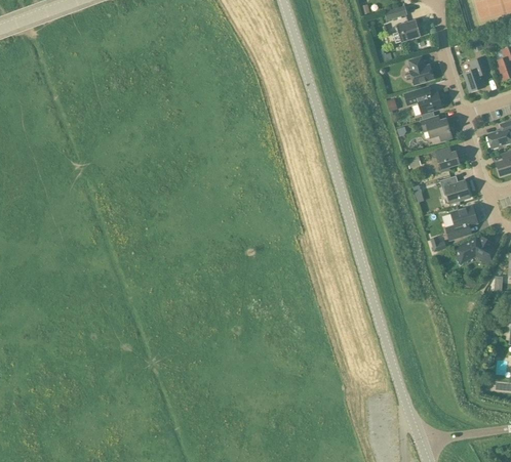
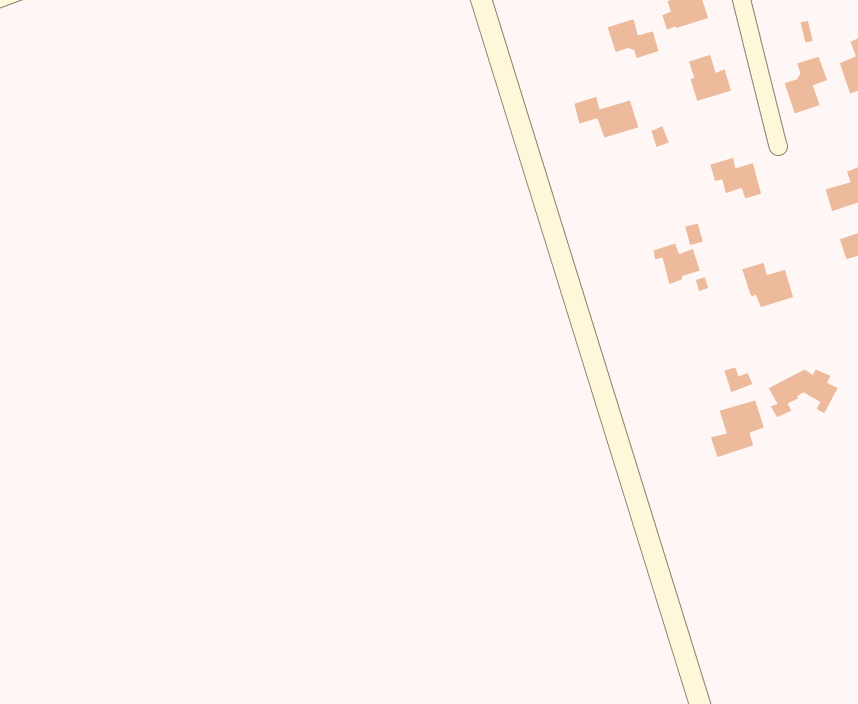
building: none -> [607,18,660,59]
building: [404,89,442,114] -> [574,96,639,139]
building: [432,148,460,172] -> [653,243,701,285]
building: [445,206,477,240] -> [710,400,765,458]

